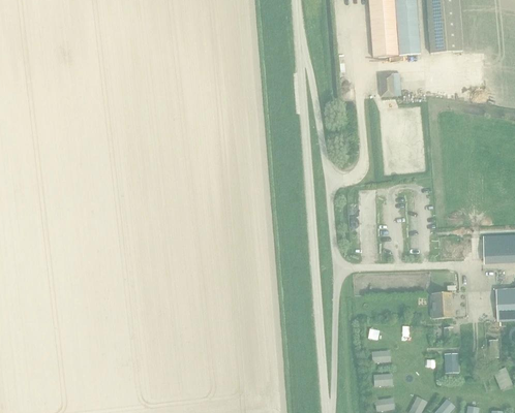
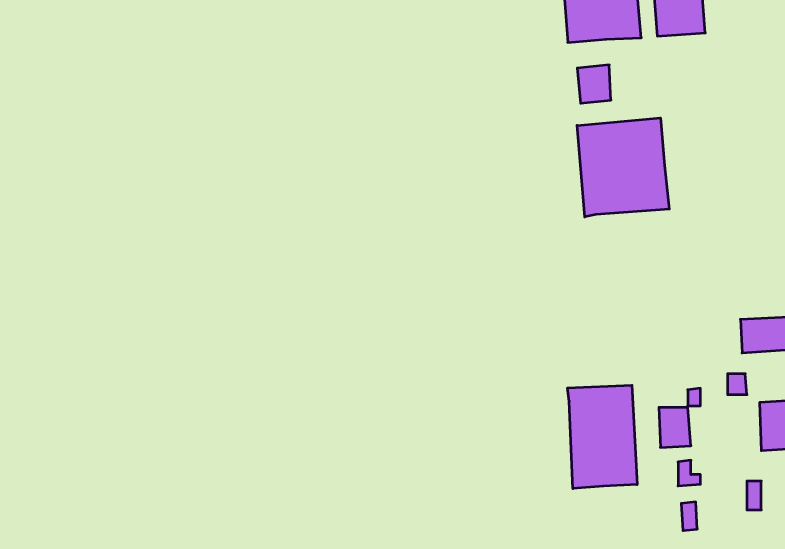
building: none -> [577,118,669,217]
building: none -> [568,385,637,489]

